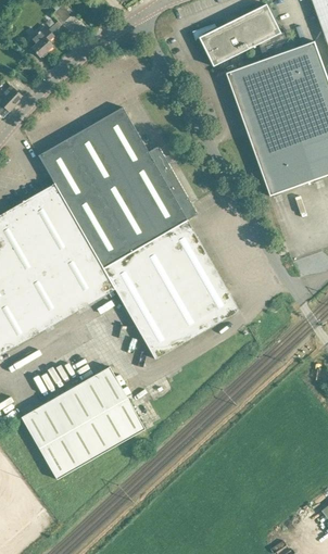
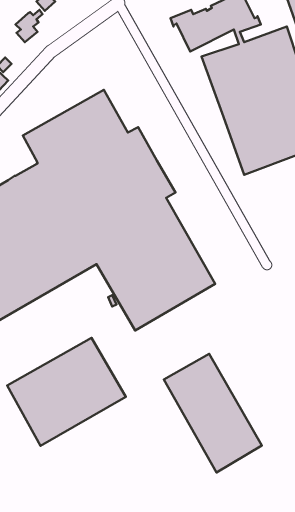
building: none -> [164,354,262,472]

